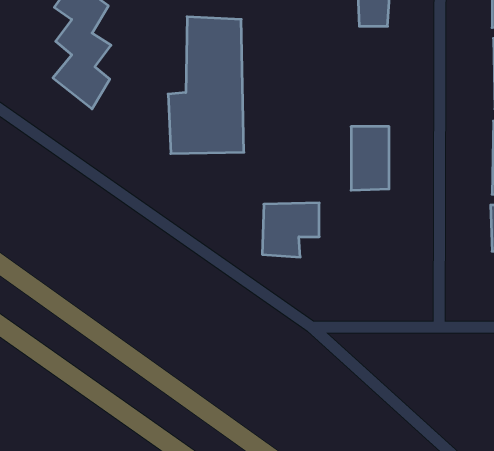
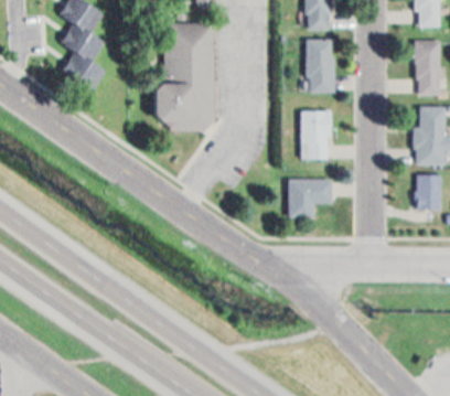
building: none -> [303,38,333,95]
building: [262,203,319,257] -> [287,175,333,220]

